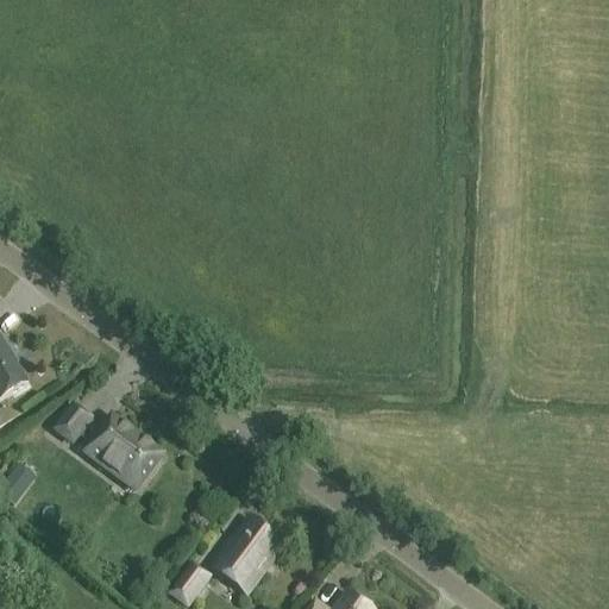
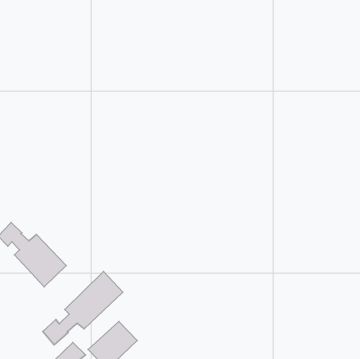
building: none -> [43,272,123,345]

